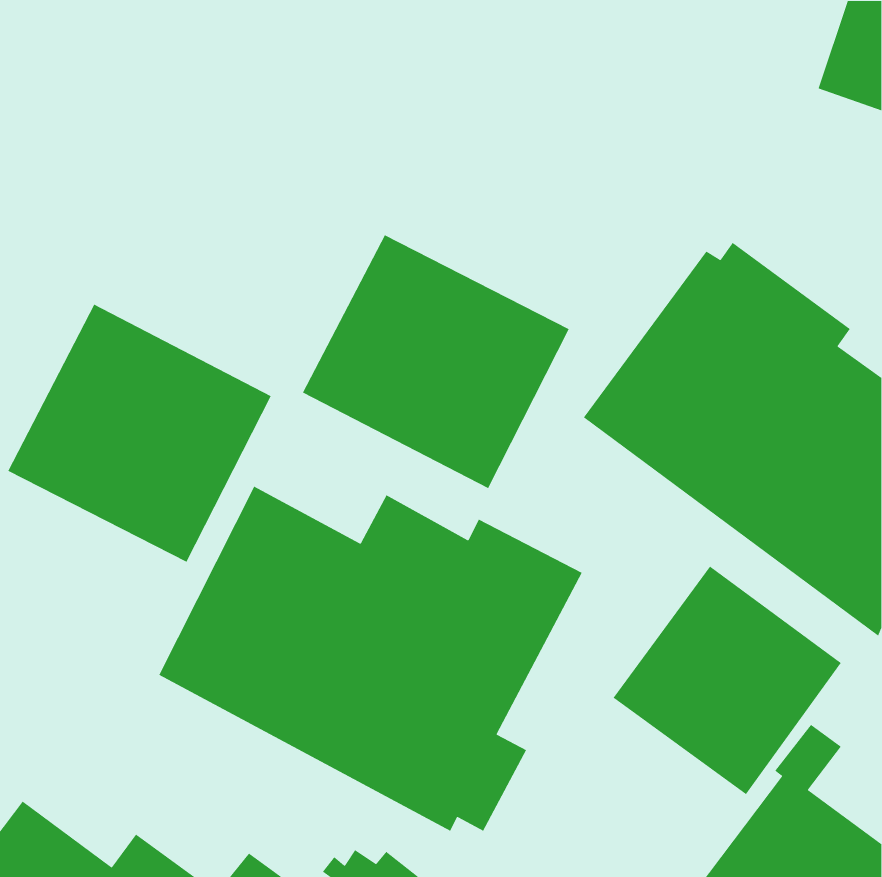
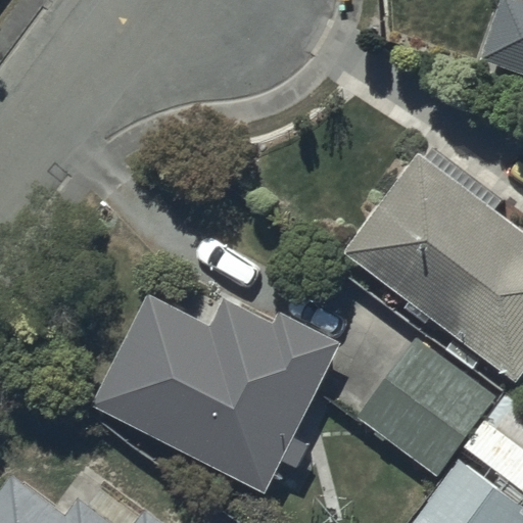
building: [302,234,570,489] -> none
building: [7,304,272,563] -> none

